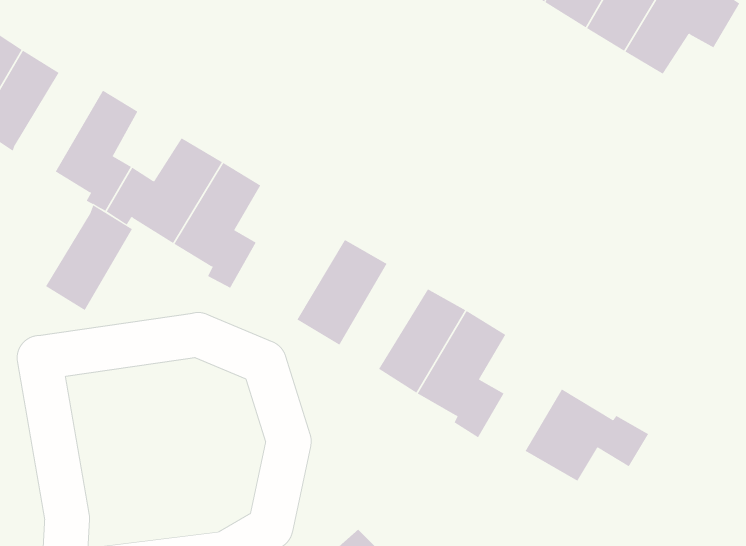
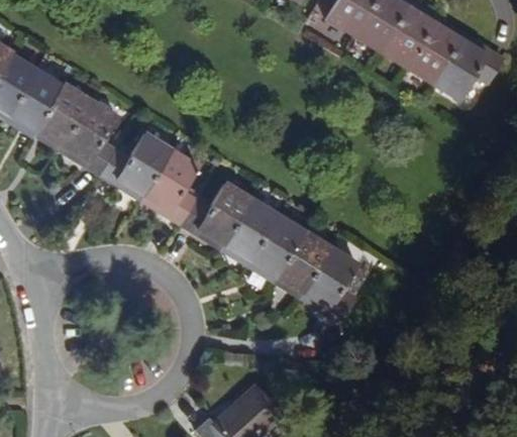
building: [45,205,133,311] -> [32,83,90,152]
building: none -> [174,182,248,254]
building: none -> [245,213,303,282]
building: [525,388,649,482] -> none

